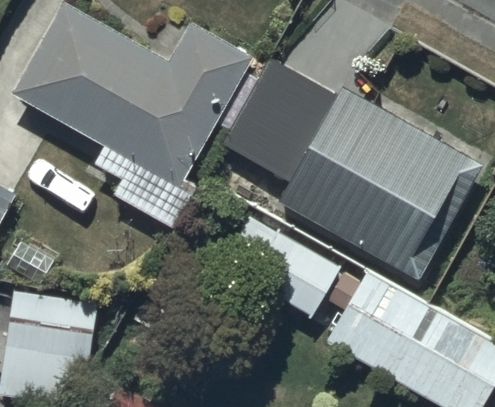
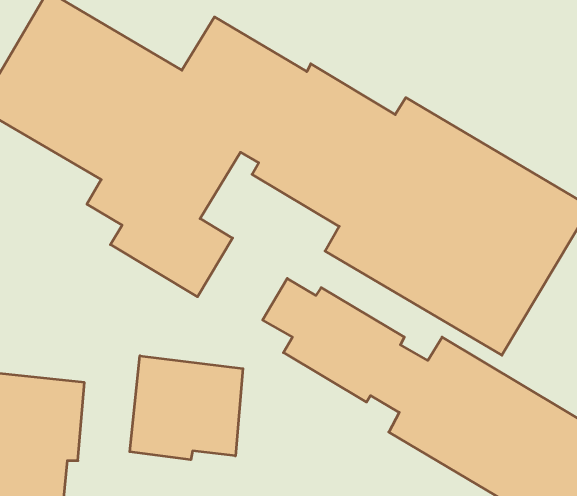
building: none -> [130,356,243,460]

